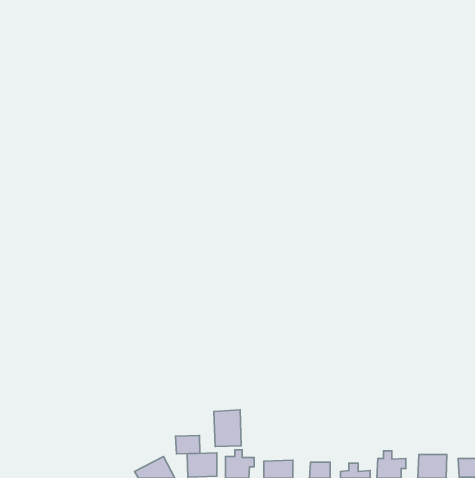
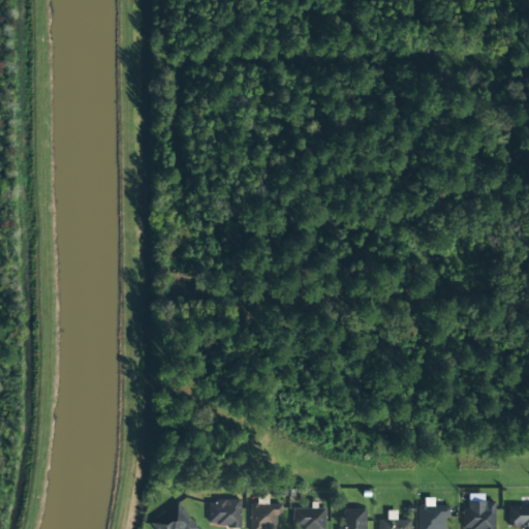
building: [214,410,241,447] -> none
building: [175,436,200,454] -> none

